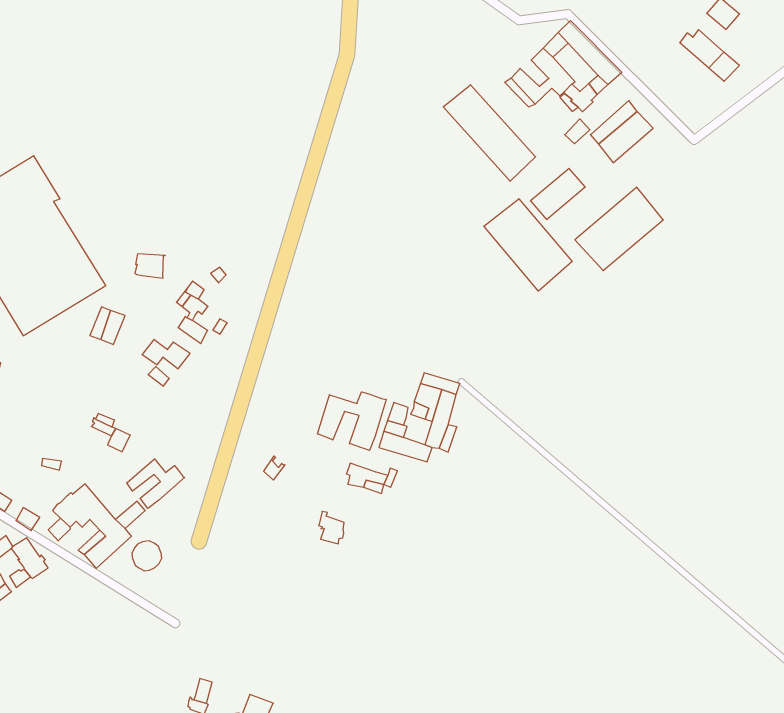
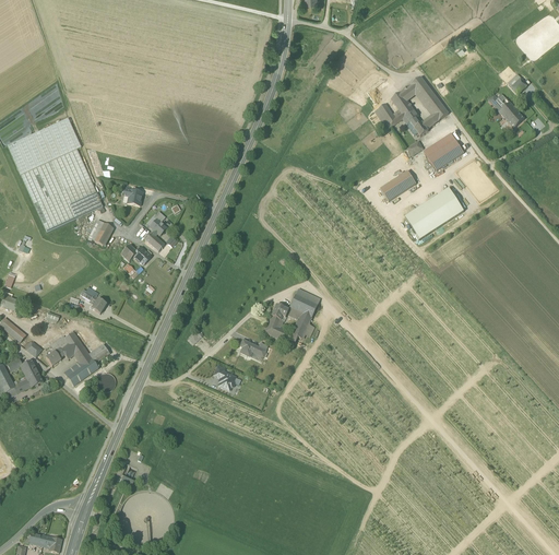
building: [443,85,536,181] -> none
building: [484,199,572,291] -> none
building: [317,392,386,450] -> none
building: [127,459,185,508] -> none

